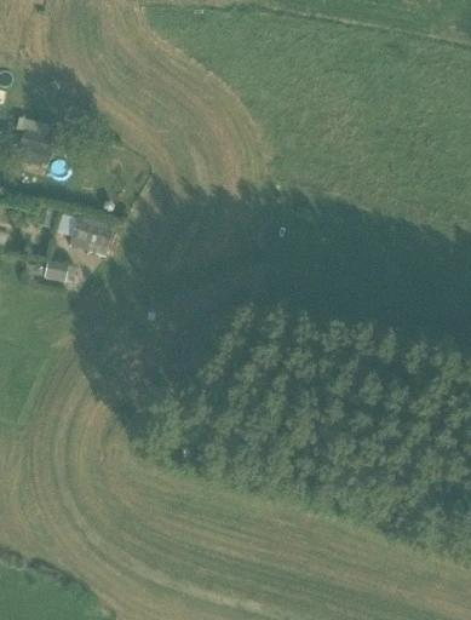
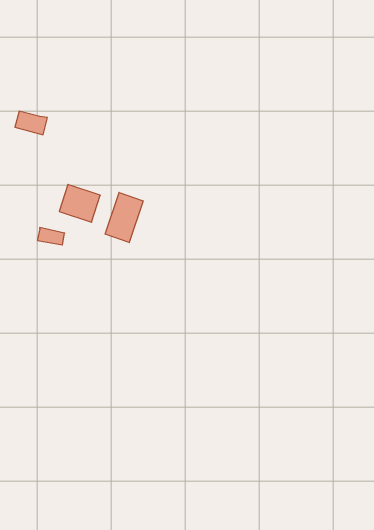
building: none -> [105,192,143,243]

